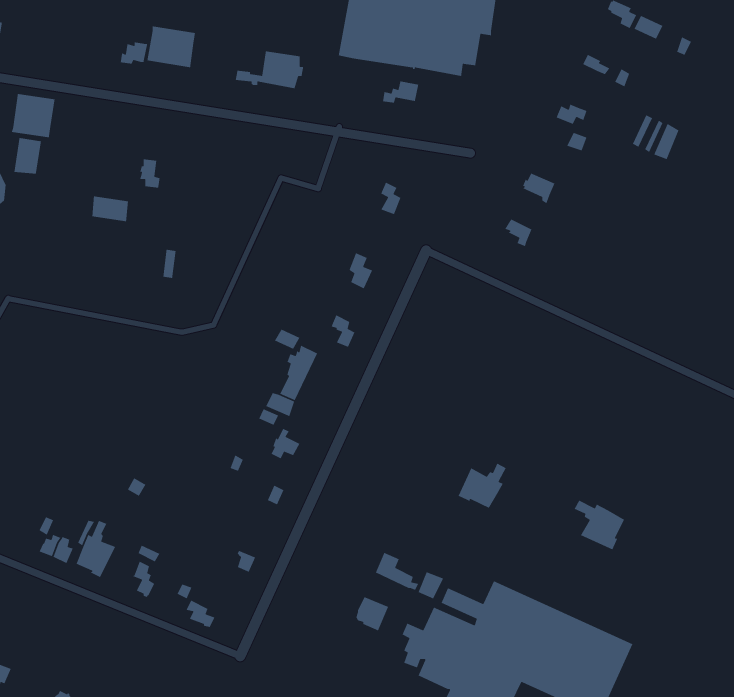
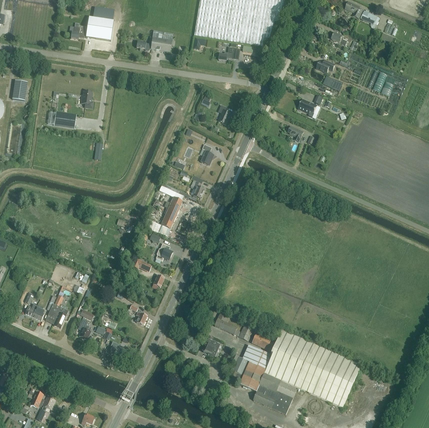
building: [11,93,56,138] -> none
building: [458,462,507,509] -> none
building: [573,499,625,551] -> none

